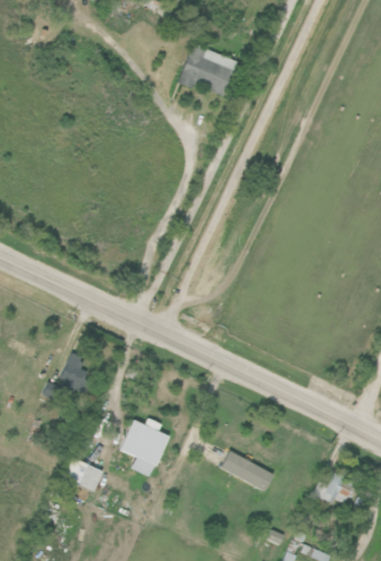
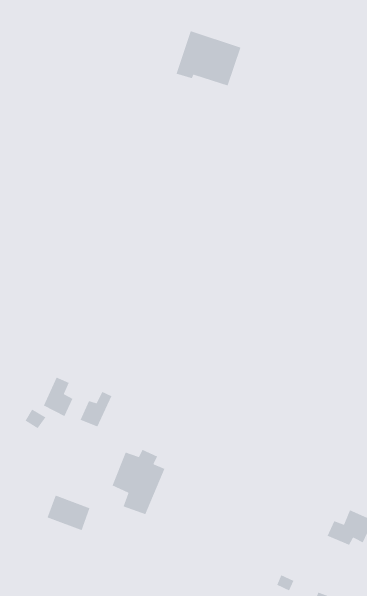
building: none -> [80,391,112,428]
building: [220,453,272,490] -> none

